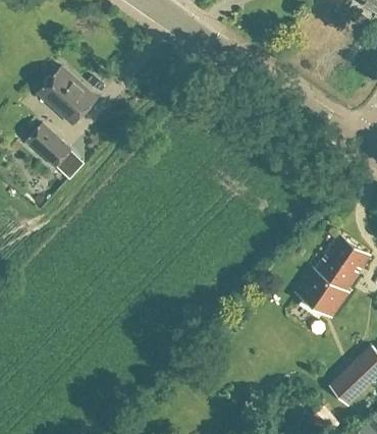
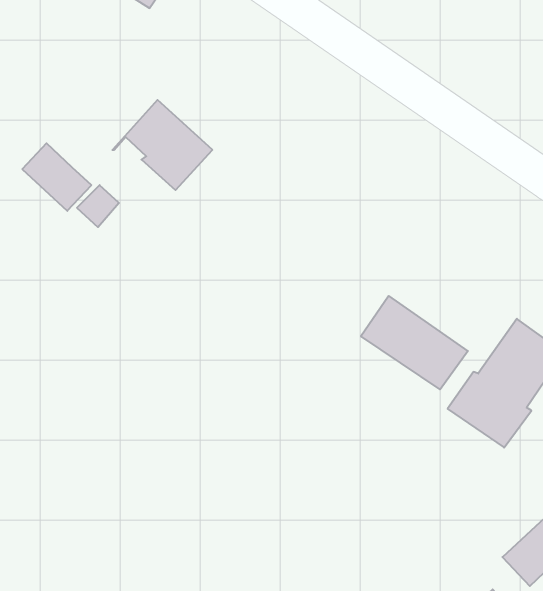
building: [32,66,95,123] -> [112,100,212,190]
building: none -> [361,296,468,389]

